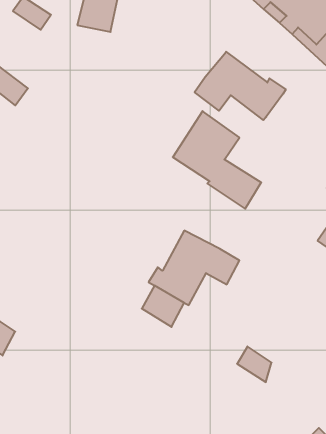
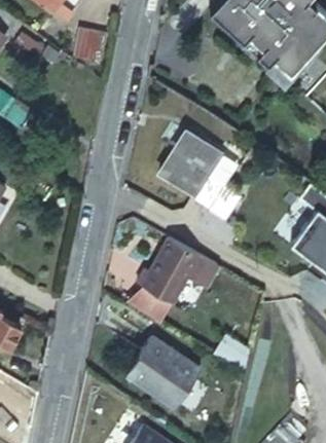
building: [195,52,286,120] -> none
building: none -> [128,340,198,408]

